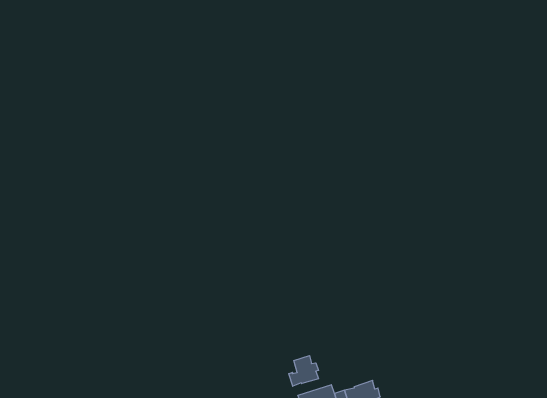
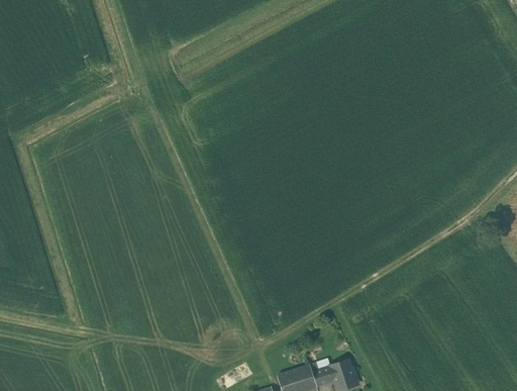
building: [289,356,319,386] -> none

